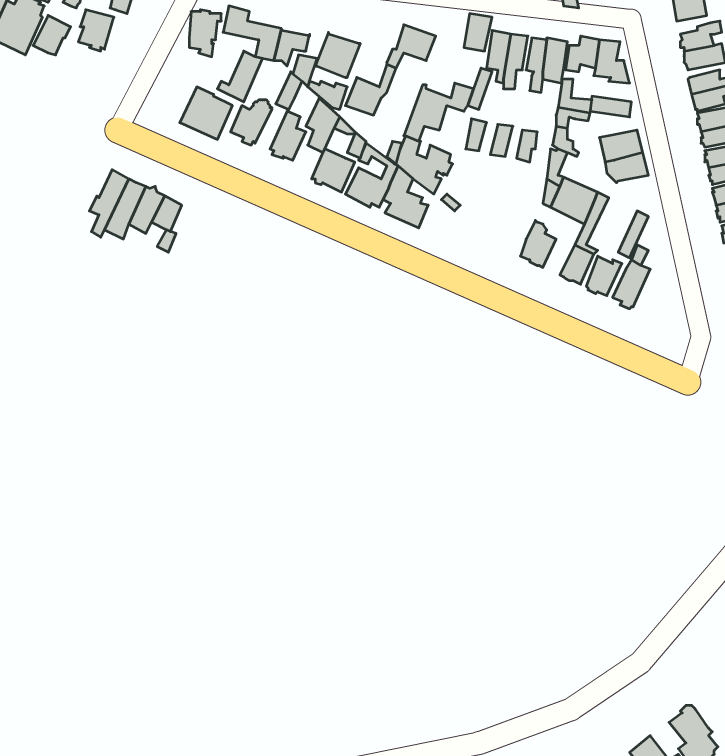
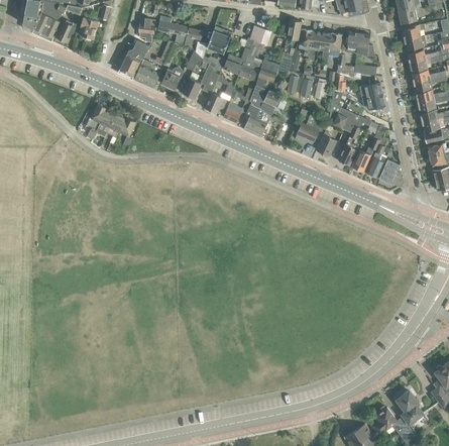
building: none -> [119,39,148,76]
building: none -> [238,40,263,80]
building: none -> [297,115,327,141]
building: none -> [379,158,404,187]

